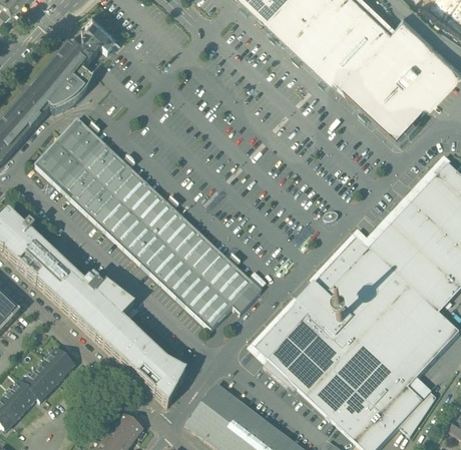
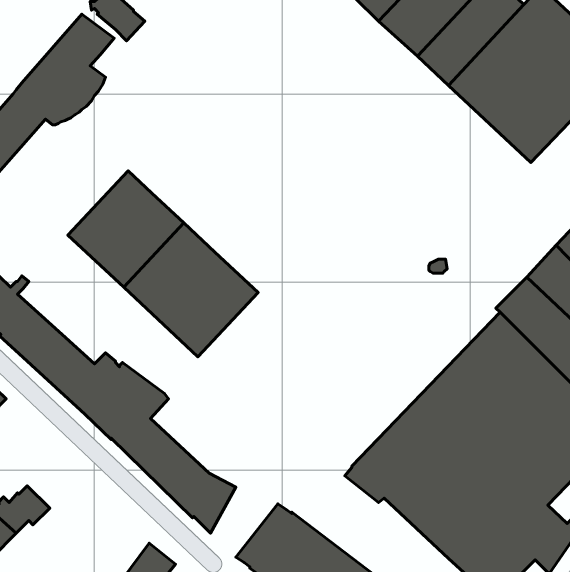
building: [33,117,107,192] -> none
building: [157,234,261,329] -> none
building: [253,235,374,360] -> none
building: [35,348,73,388] -> none

